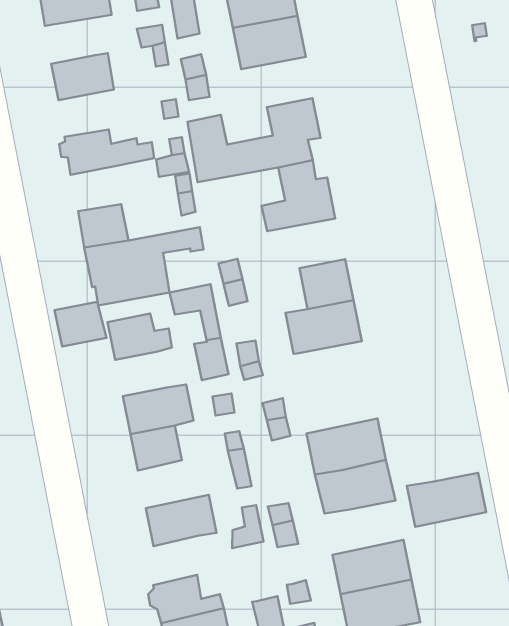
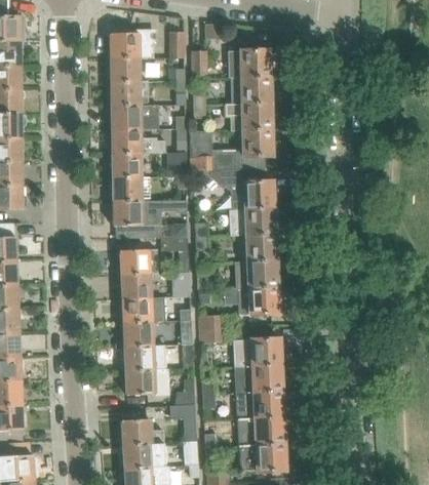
building: none -> [111,57,140,82]
building: none -> [223,104,272,131]
building: none -> [112,105,158,129]
building: none -> [112,153,141,177]
building: none -> [227,208,276,237]
building: [55,302,106,346] -> [121,274,151,298]
building: none -> [236,288,279,316]
building: none -> [124,345,166,371]
building: [407,473,486,527] -> [237,392,284,419]
building: none -> [171,404,199,441]

